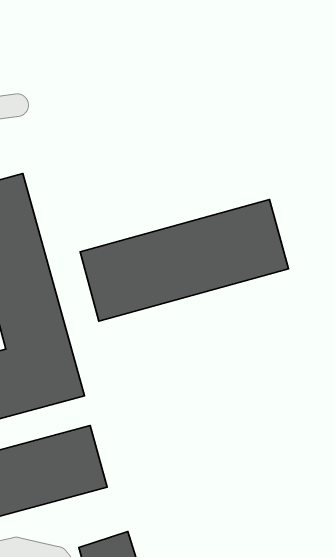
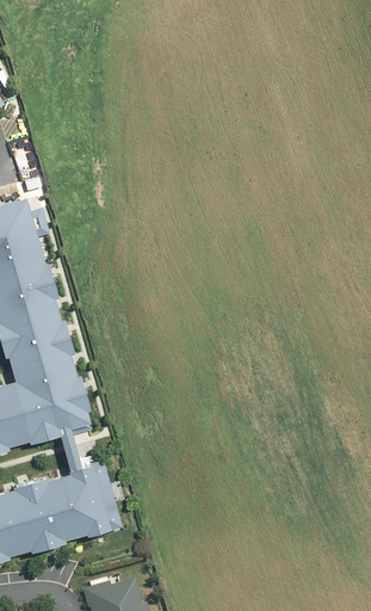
building: [80,199,288,321] -> none

